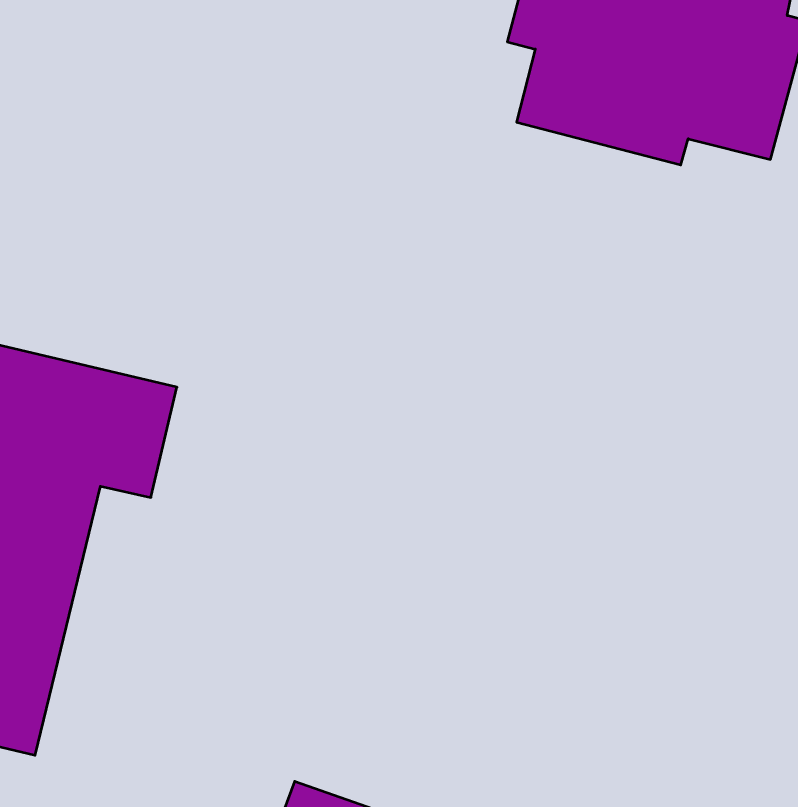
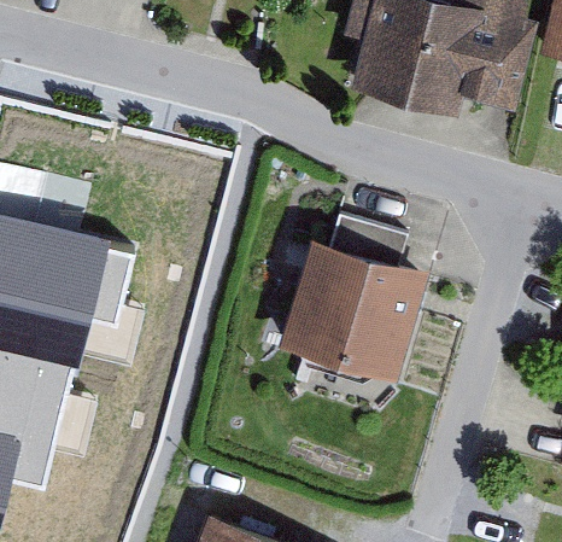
building: none -> [277,215,432,384]

